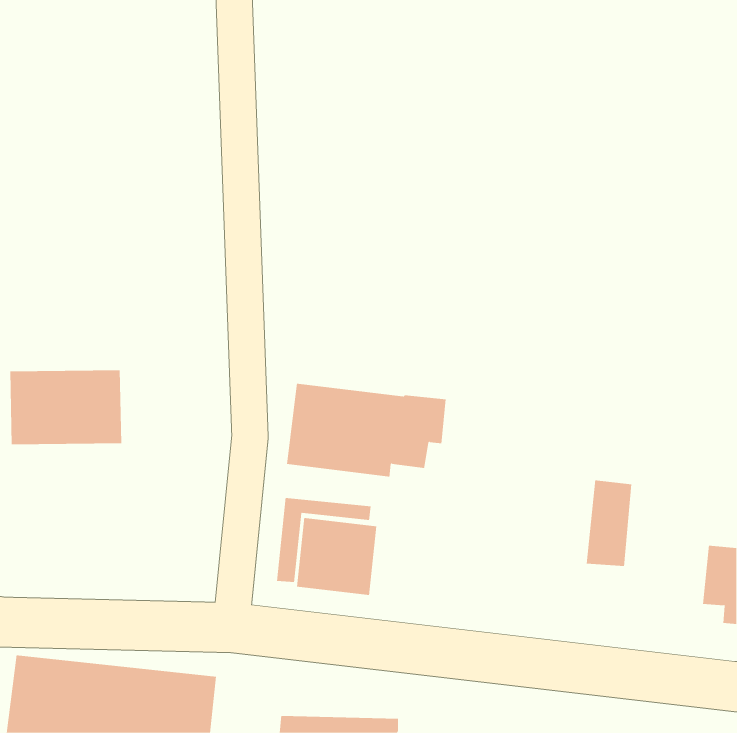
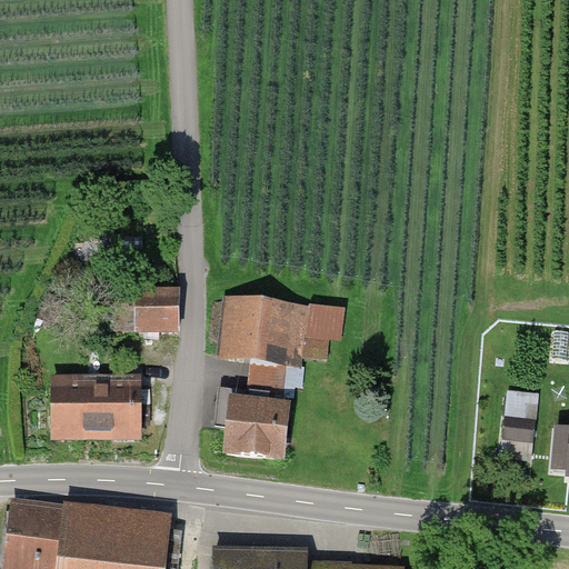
building: [9,370,122,445] -> [54,378,141,436]
building: none -> [136,289,180,332]
building: [586,480,632,567] -> [500,390,536,457]

